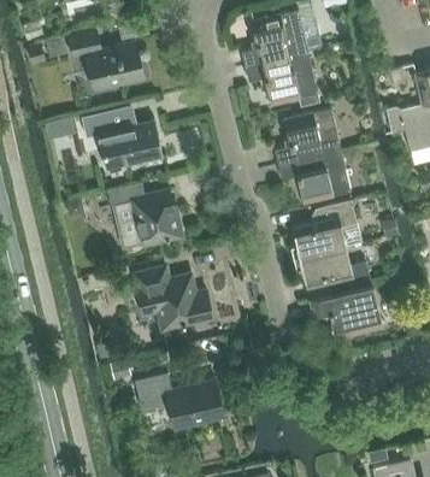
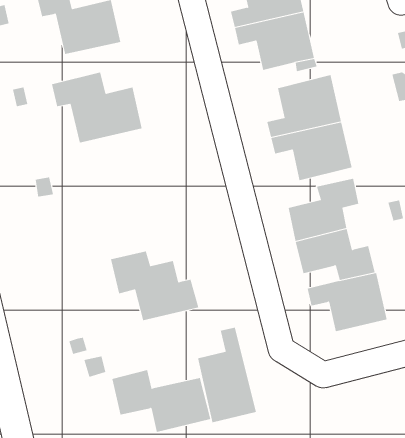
building: [108,183,182,249] -> none
building: none -> [197,327,256,423]

